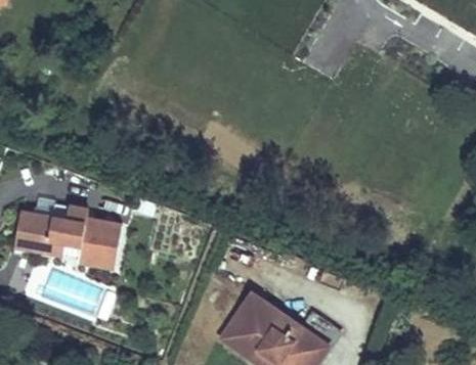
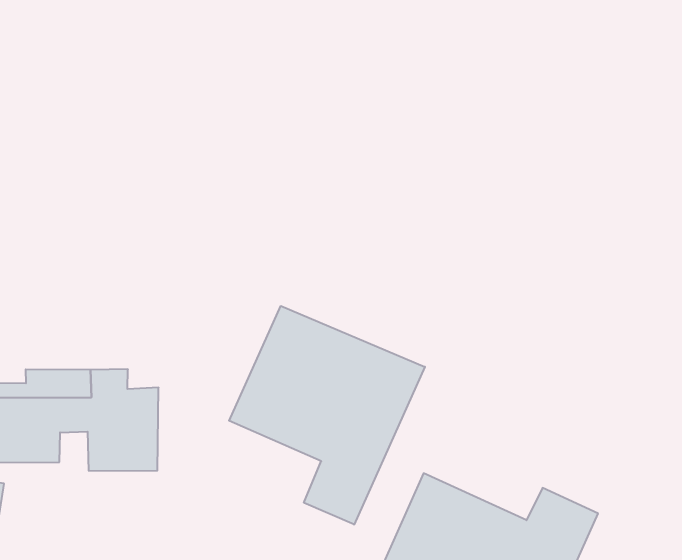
building: none -> [229,306,425,525]

